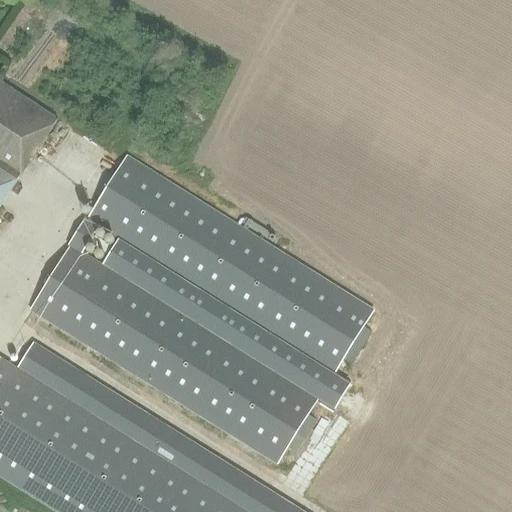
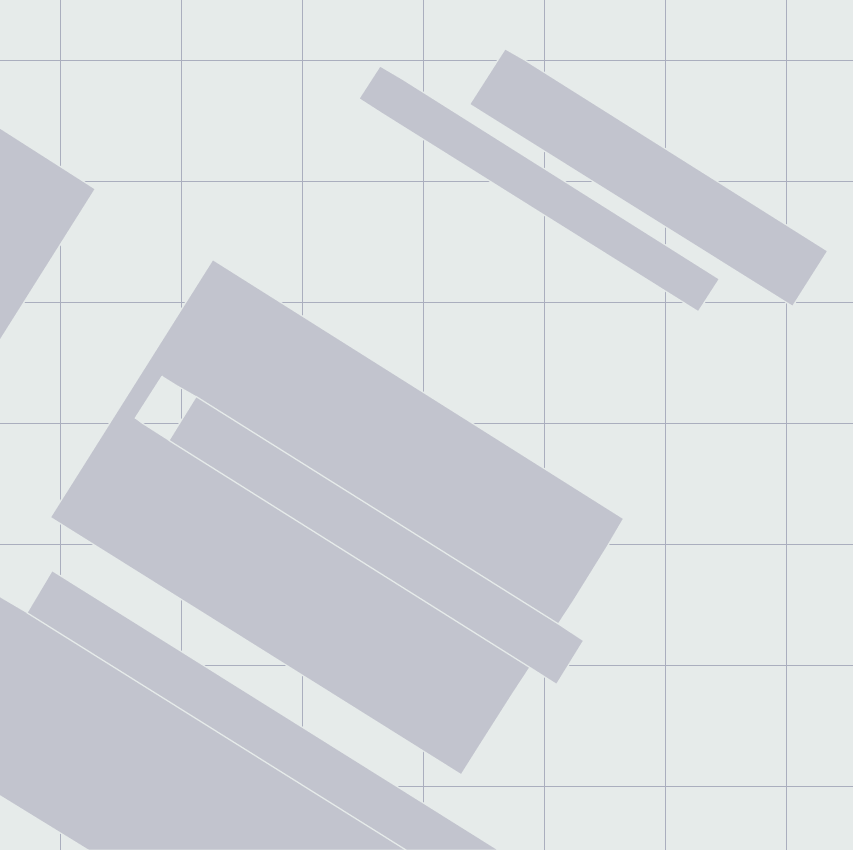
building: none -> [470,49,828,307]
building: none -> [359,66,719,312]

